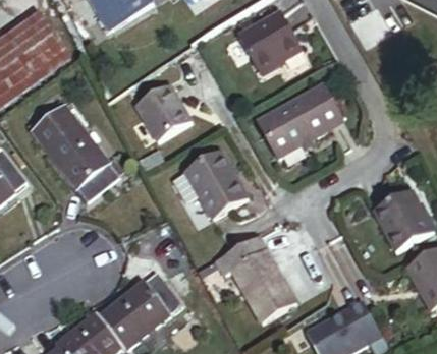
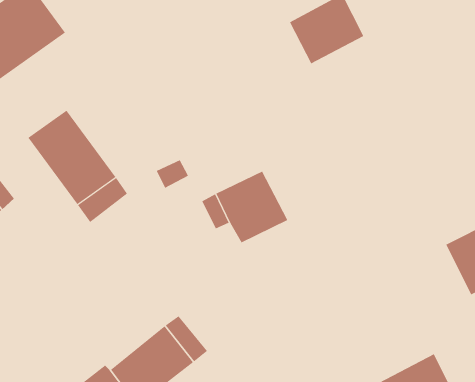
building: [141,92,193,143] -> none
building: [260,93,343,162] -> none
building: [212,240,292,324] -> none

